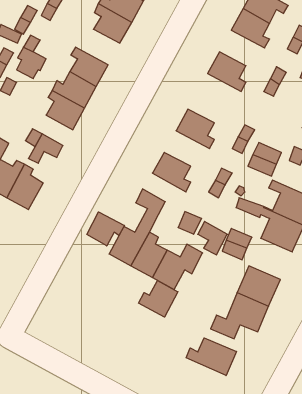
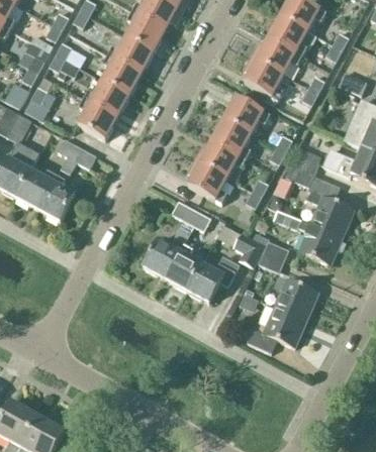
building: none -> [108,35,154,72]
building: none -> [256,36,302,73]
building: none -> [223,95,270,131]
building: none -> [199,139,246,176]
building: [87,212,124,246] -> none
building: [139,280,178,317] -> none
building: [186,338,236,376] -> none

